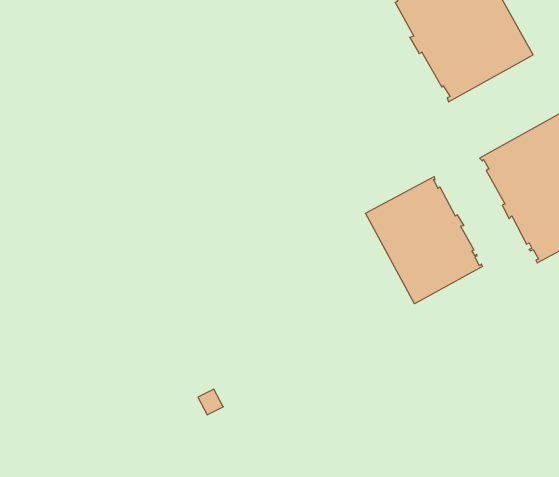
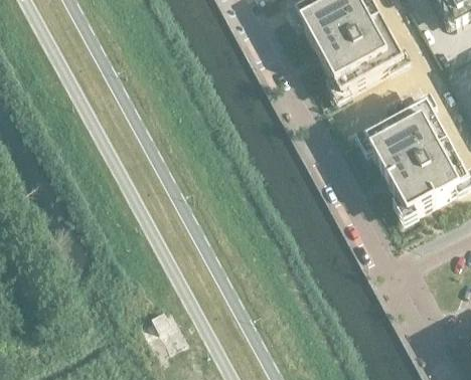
building: [365,177,482,304] -> none

